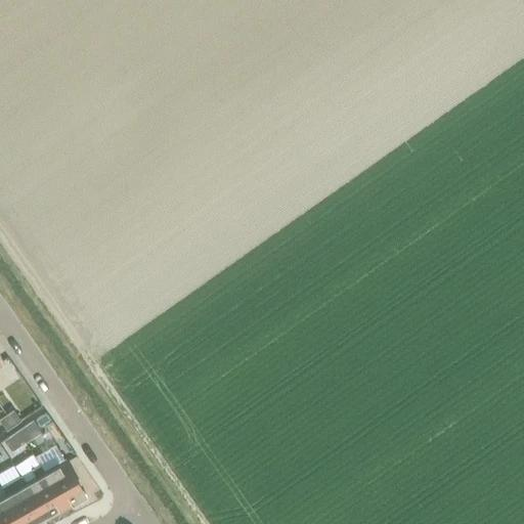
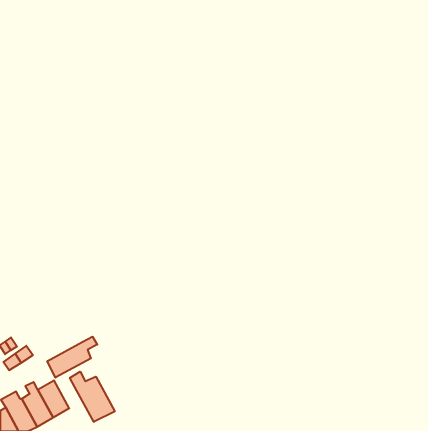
building: none -> [47,337,97,378]
building: none -> [70,372,115,422]

